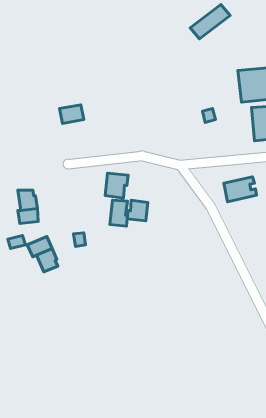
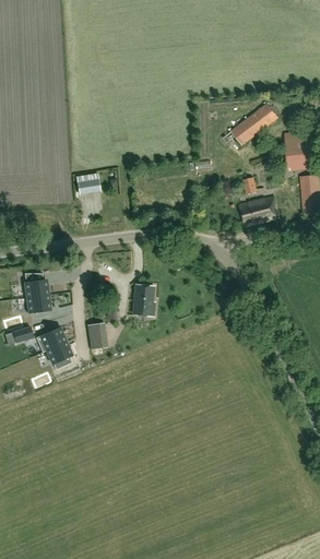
building: [190,5,230,39] -> [232,104,278,144]
building: [105,173,128,198] -> none
building: [224,177,256,202] -> [240,197,278,226]
building: [127,200,148,221] -> none

